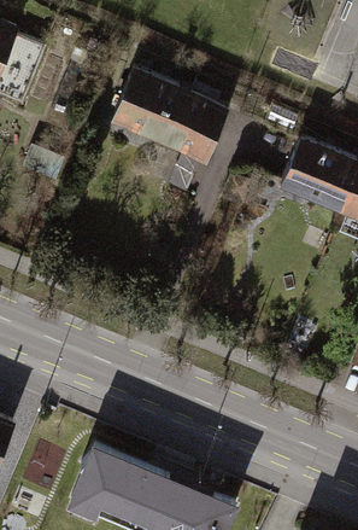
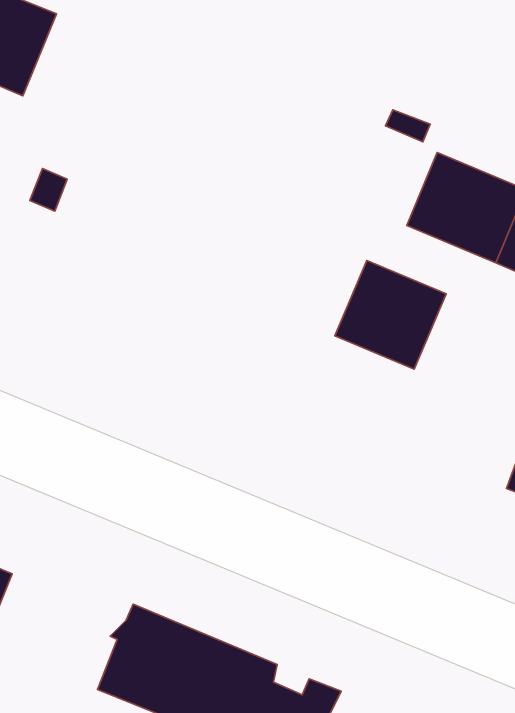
building: [105,63,231,194] -> none
building: none -> [335,261,446,369]

